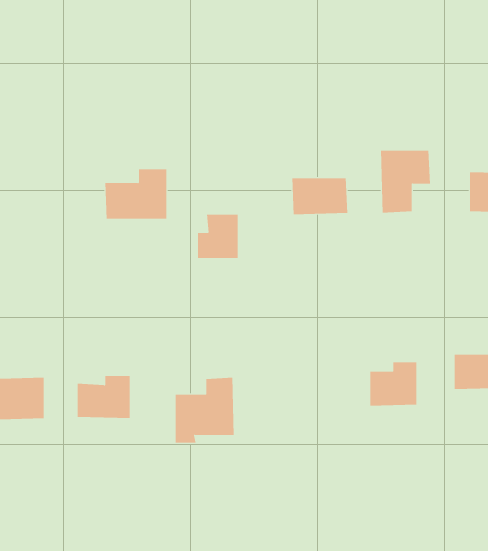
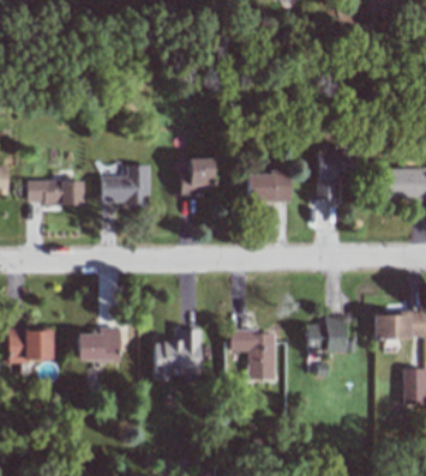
building: none -> [29,181,85,204]
building: [197,214,238,258] -> [181,158,214,193]
building: none -> [230,331,276,379]

